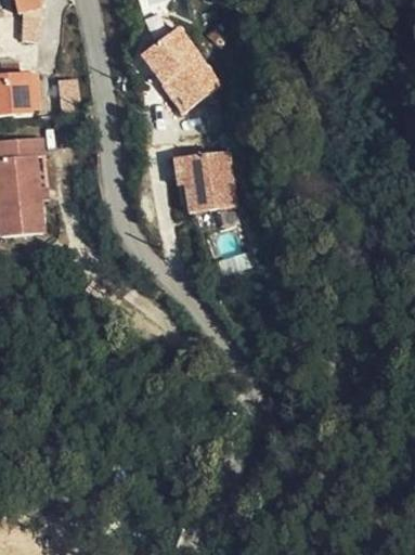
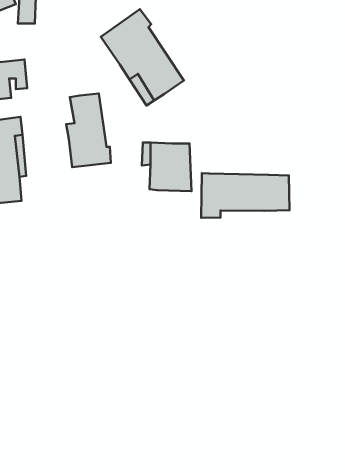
building: none -> [66,93,111,167]
building: none -> [201,173,290,218]

